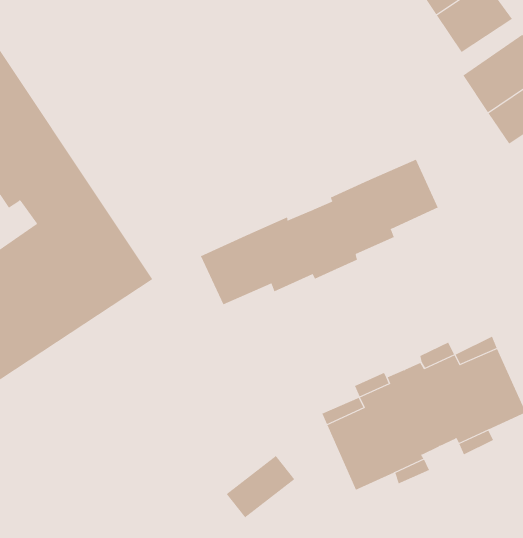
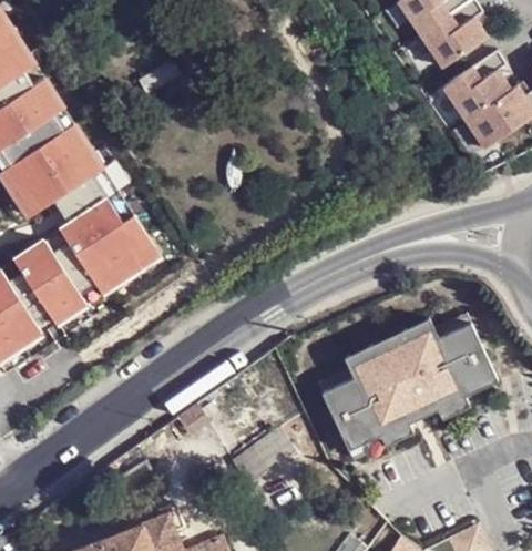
building: [200,159,438,305] -> none

